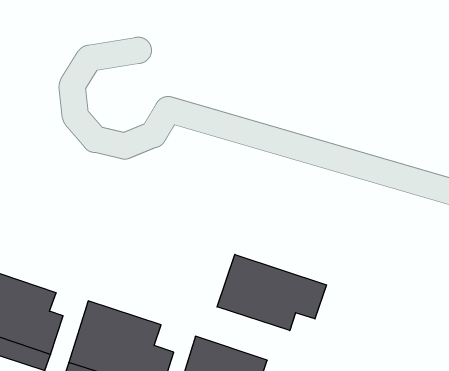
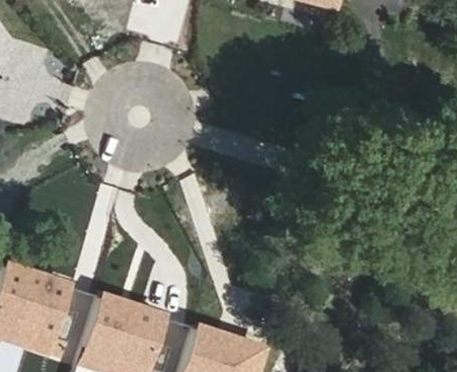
building: [217,254,327,331] -> none

